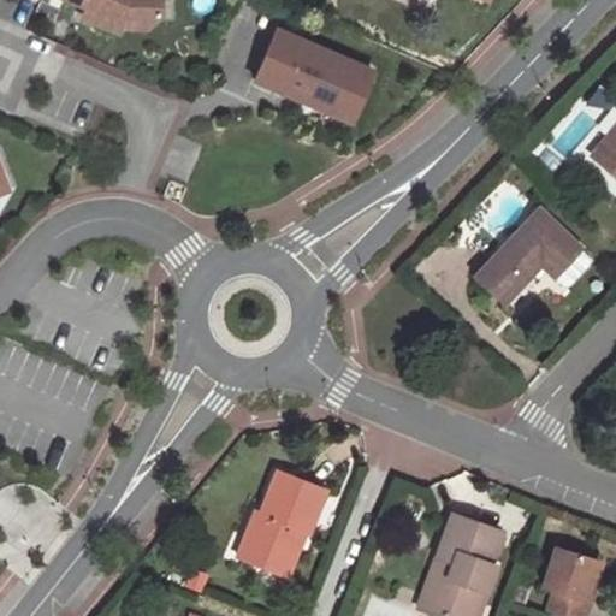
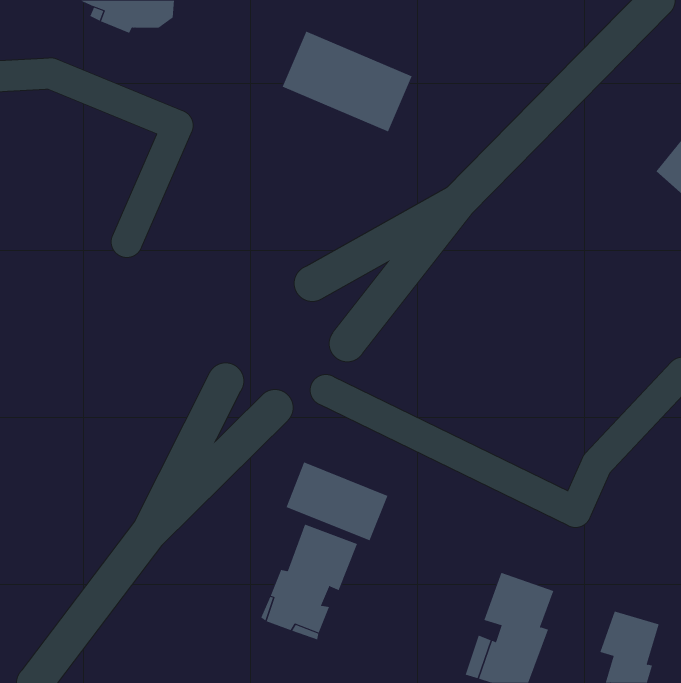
building: [476,211,590,303] -> none
building: none -> [286,462,388,541]

